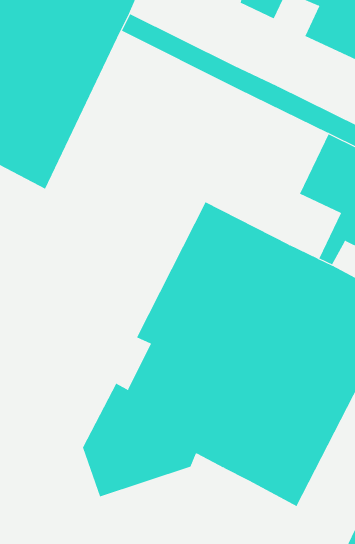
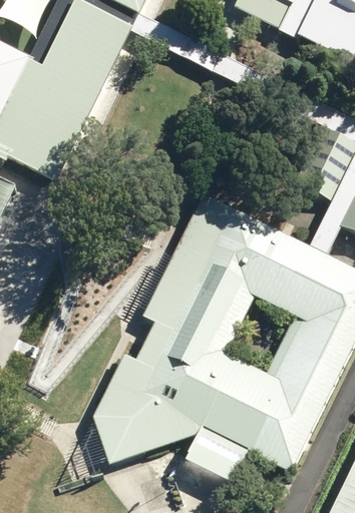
building: none -> [185,422,248,480]

